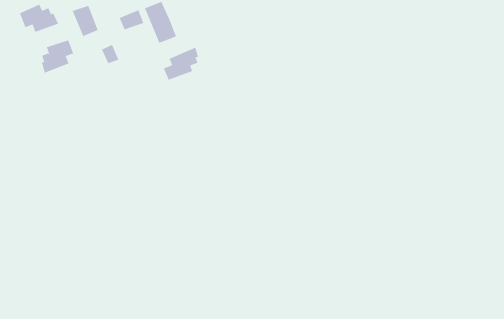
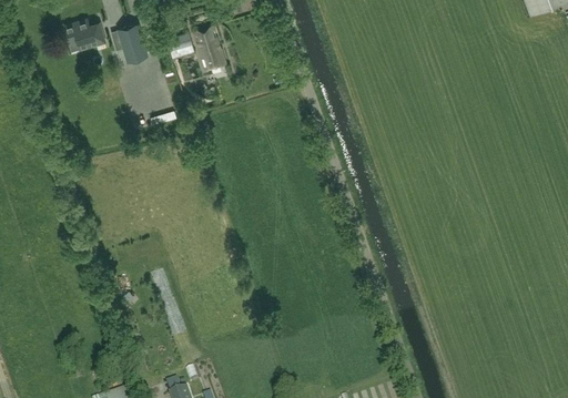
building: [41,40,74,74] -> none
building: [163,47,199,80] -> none

